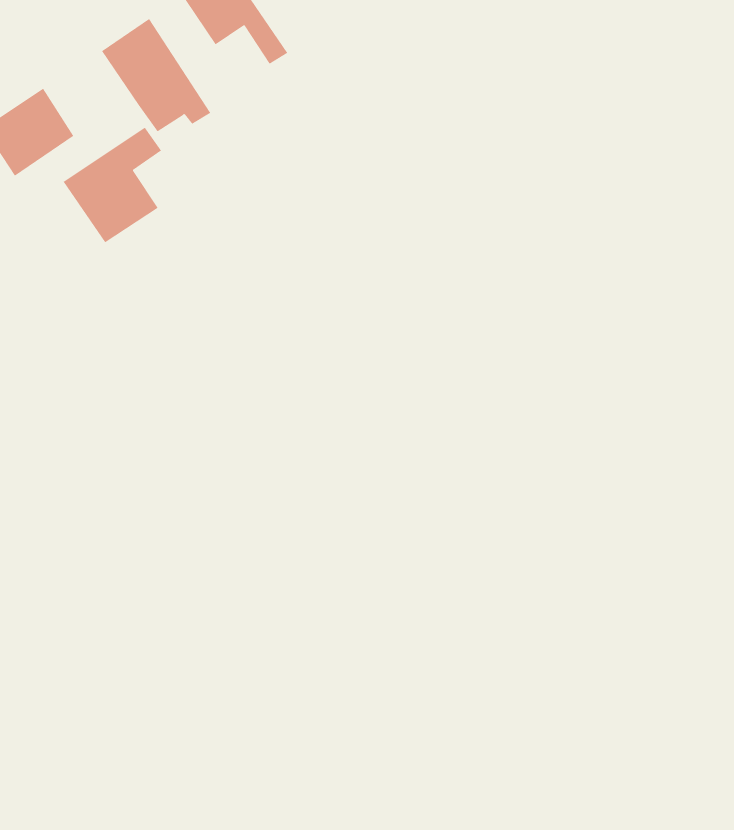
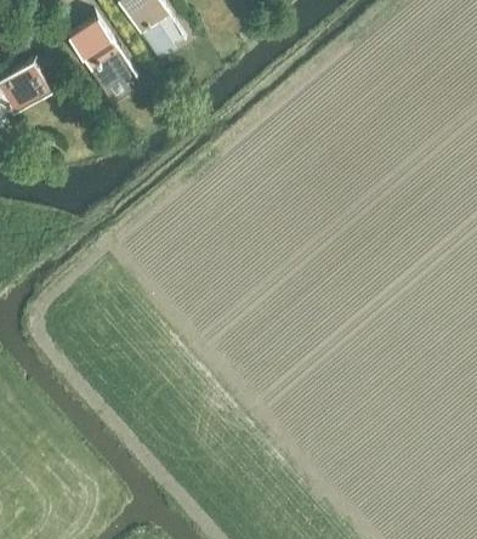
building: [63,127,162,243] -> none

